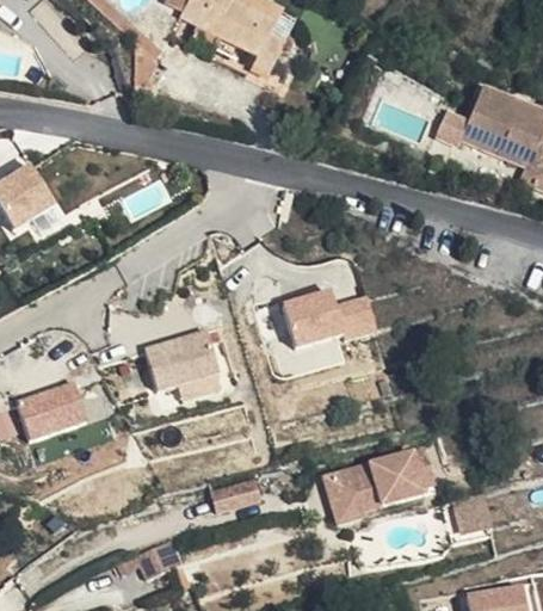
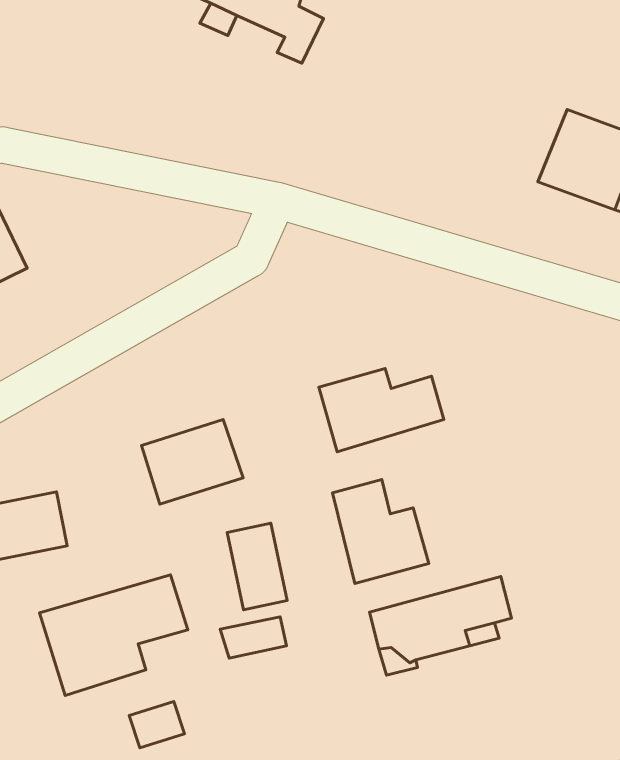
building: none -> [333,479,429,584]
building: none -> [227,523,287,610]
building: none -> [40,575,188,695]

